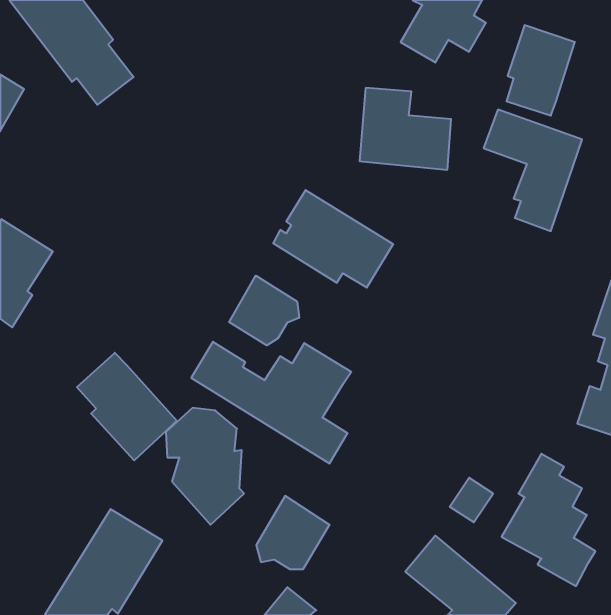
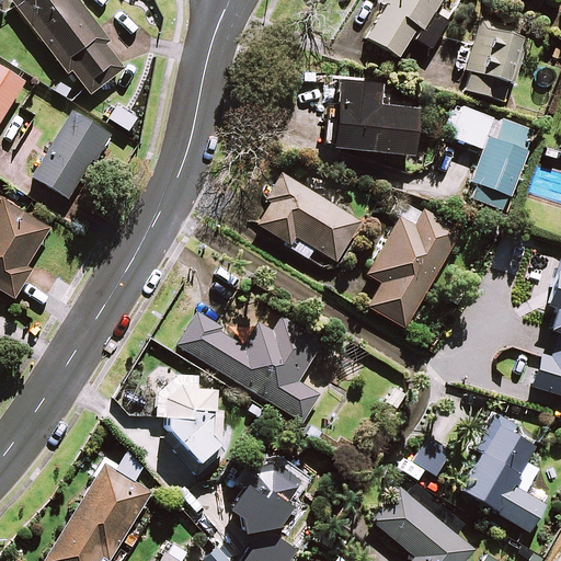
building: none -> [34,112,111,199]
building: none -> [367,211,460,328]
building: [229,276,299,345] -> none
building: [77,353,177,460] -> none

